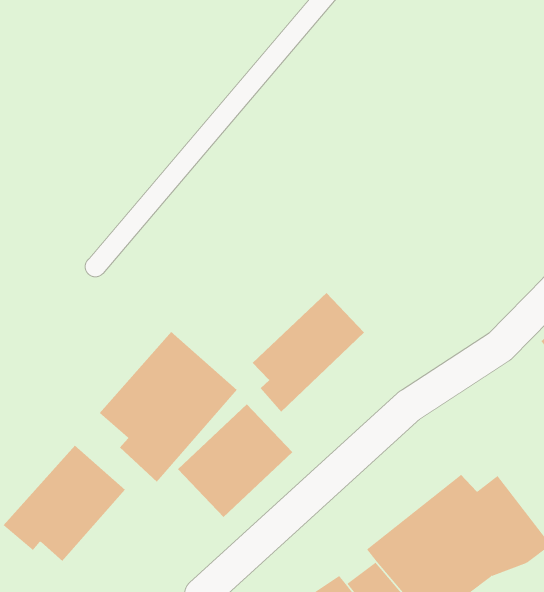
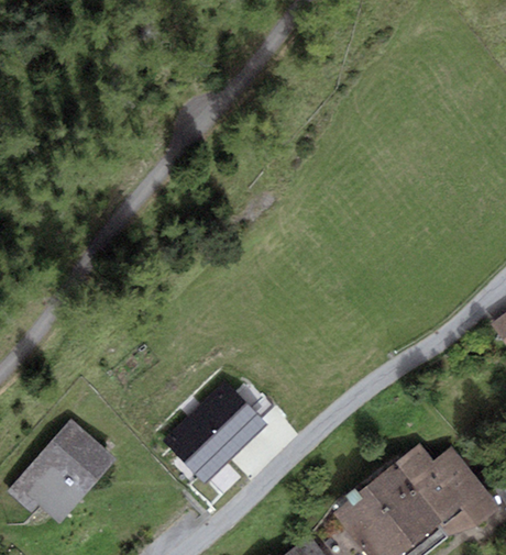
building: [252,292,365,413] -> none
building: [99,331,237,483] -> none

